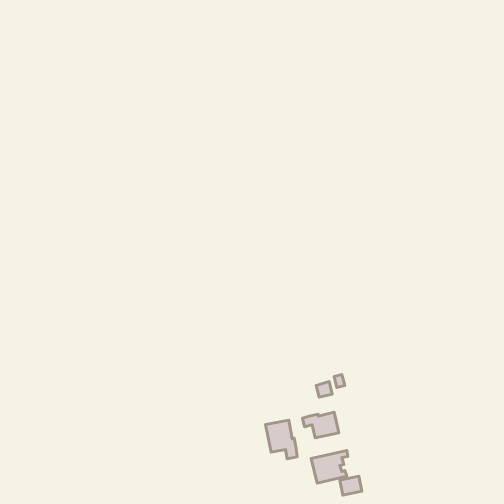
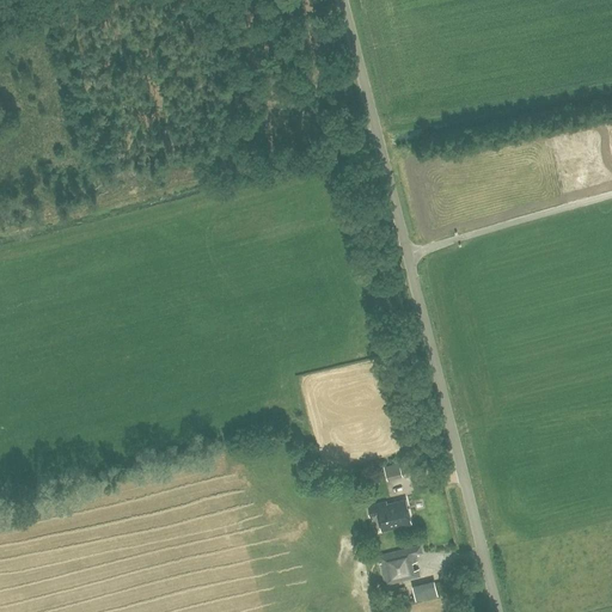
building: [265,420,297,459] -> none

